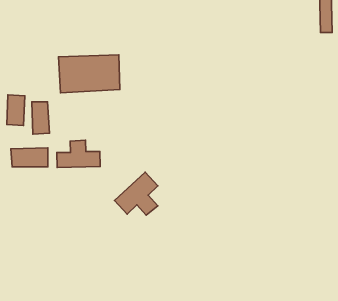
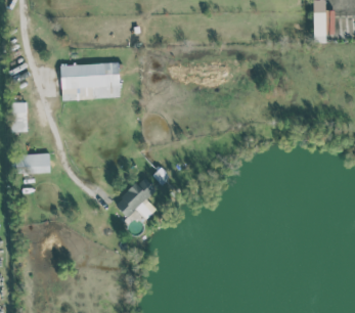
building: [32,102,49,134] -> none
building: [57,140,100,167] -> none

